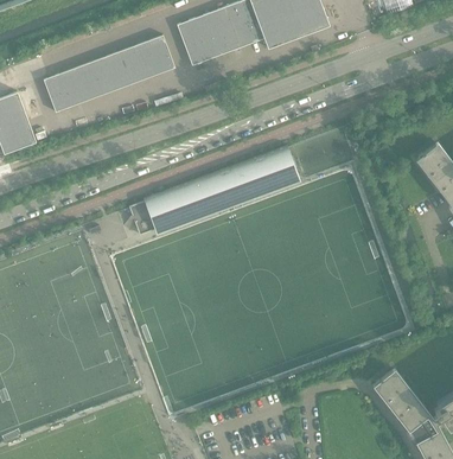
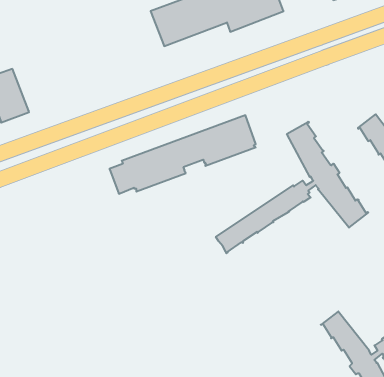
building: [44,34,174,111] -> none
building: none -> [216,122,368,253]

